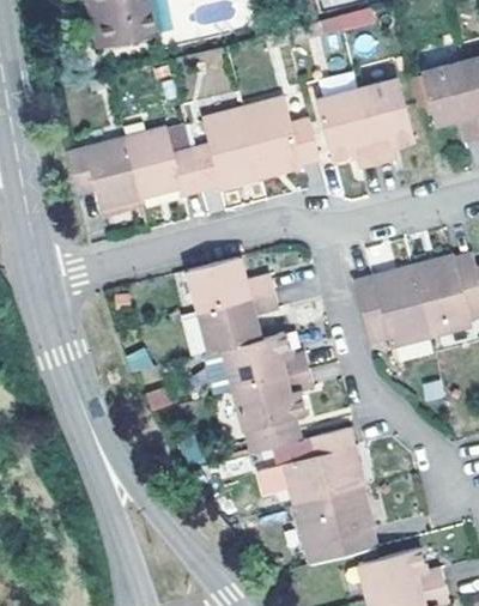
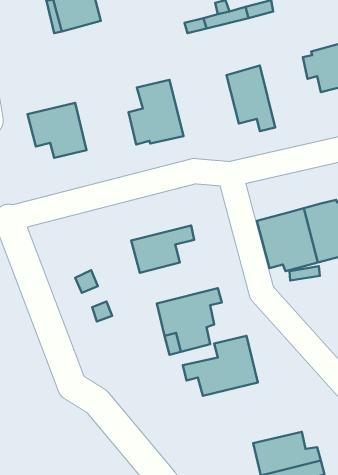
building: [359,79,414,166] -> none
building: [245,97,320,177] -> none
building: [127,125,204,195] -> none
building: [188,253,273,309] -> none
building: [201,331,307,393] -> none
building: [287,487,366,563] -> none

